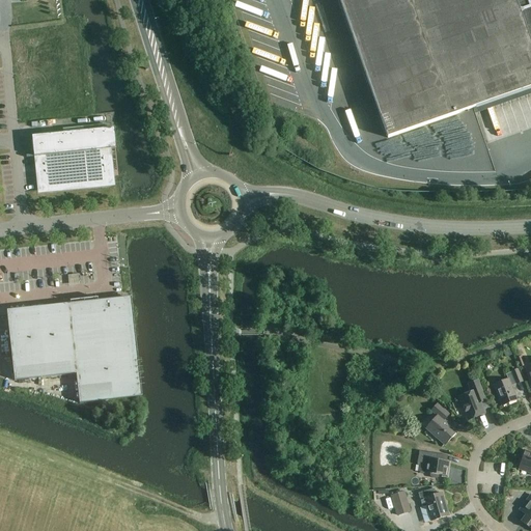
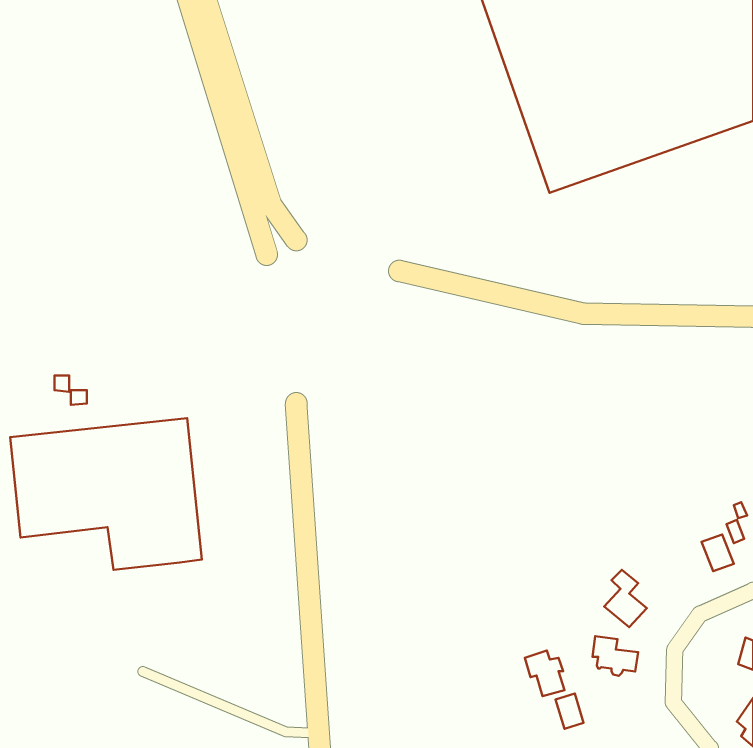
building: [30,128,105,188] -> none
building: [459,378,486,416] -> none
building: [418,485,446,518] -> [525,651,564,696]

